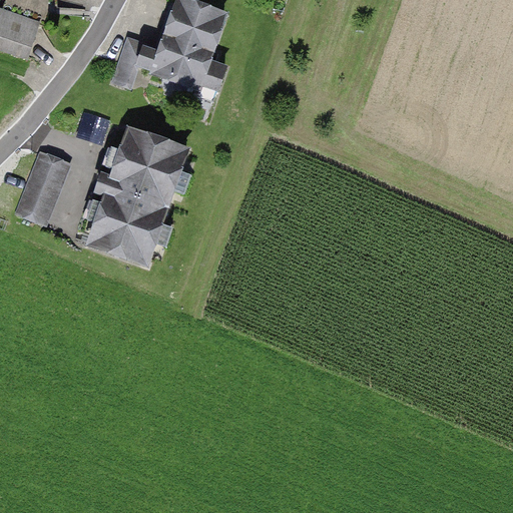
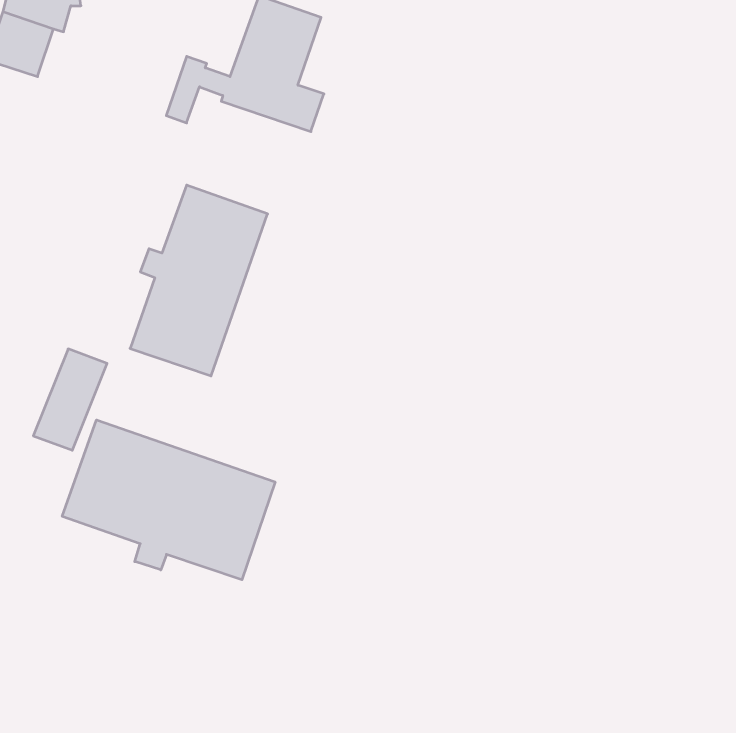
building: [16,150,67,220] -> [33,349,107,450]
building: none -> [62,420,275,580]

